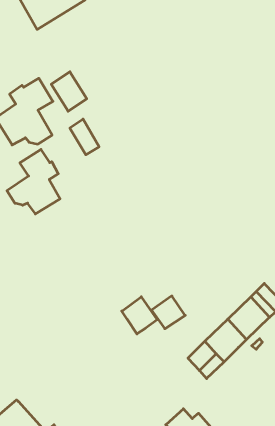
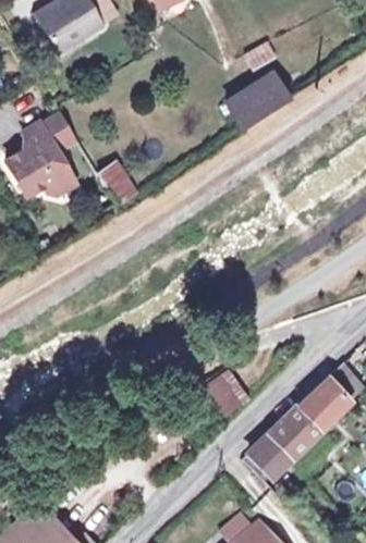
building: none -> [228,72,300,127]
building: [51,72,87,111] -> none
building: [7,149,60,214] -> none
building: [122,297,157,334] -> none

